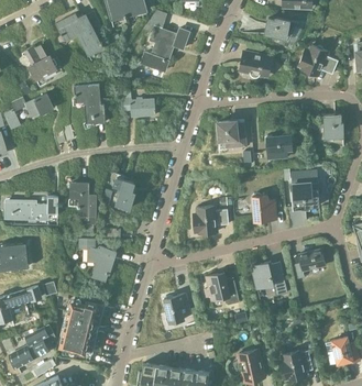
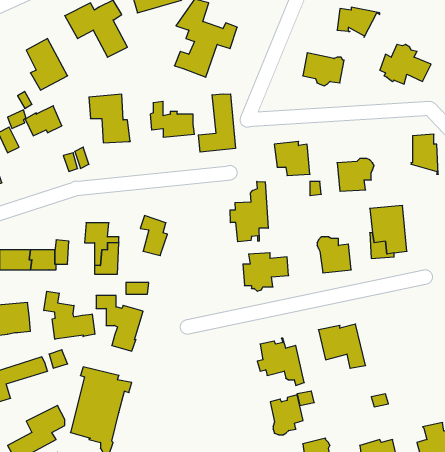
building: none -> [198,94,235,152]
building: none -> [230,181,268,242]
building: none -> [44,291,95,339]
building: [294,249,325,278] -> none
building: [164,293,189,323] -> [270,395,303,435]

